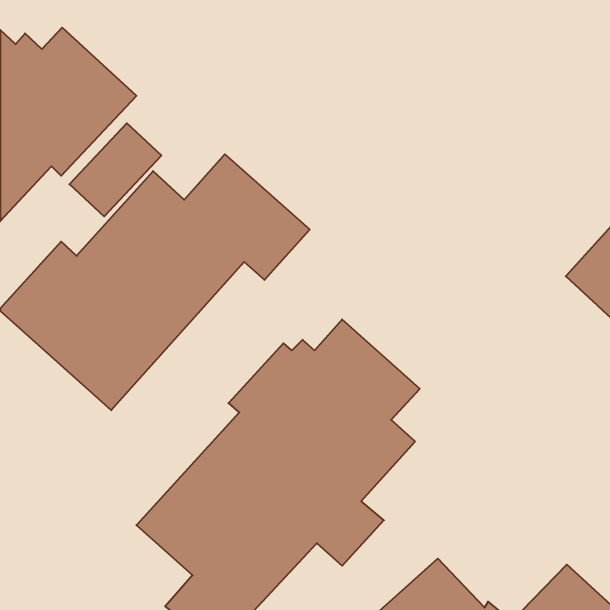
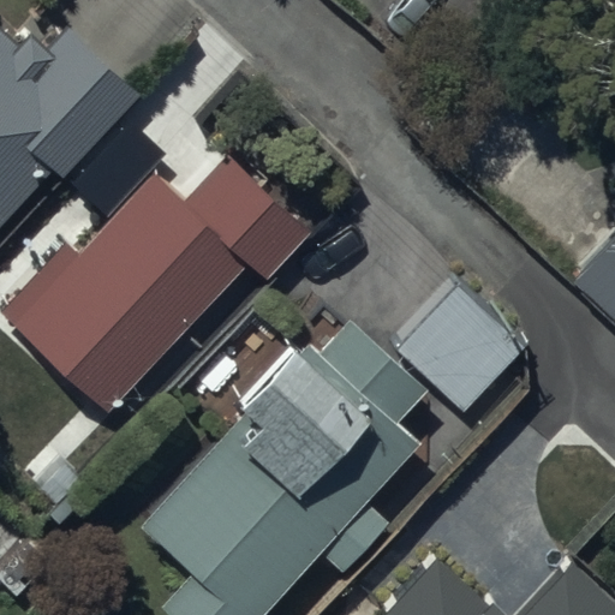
building: none -> [394,281,525,411]

